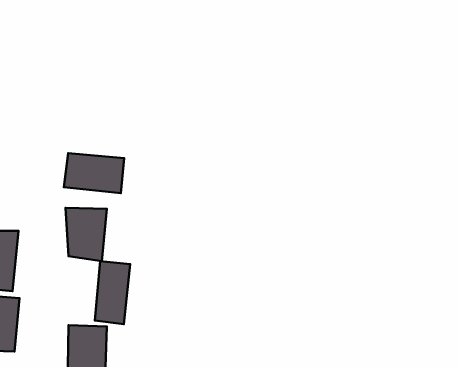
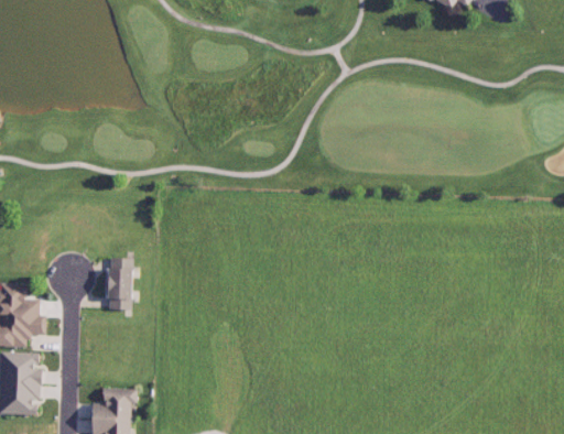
building: [64,153,124,193] -> none
building: [95,261,130,324] -> none

